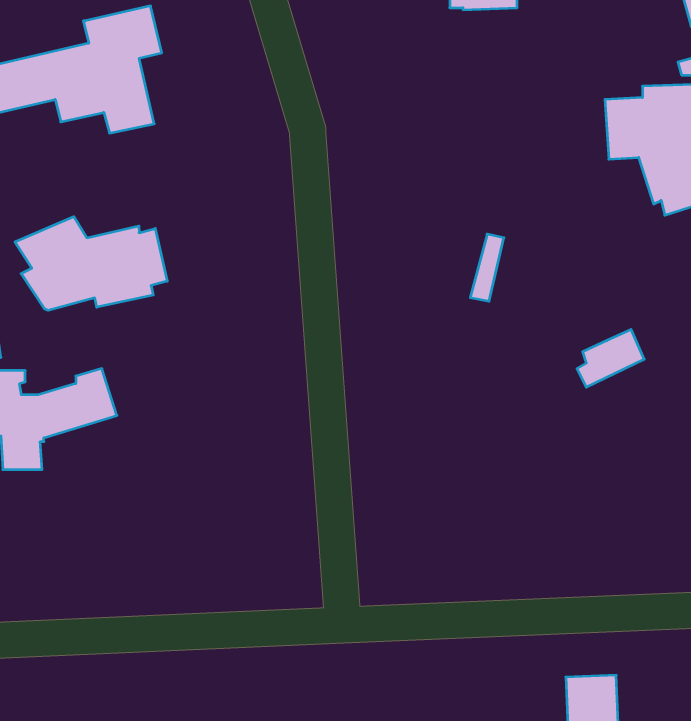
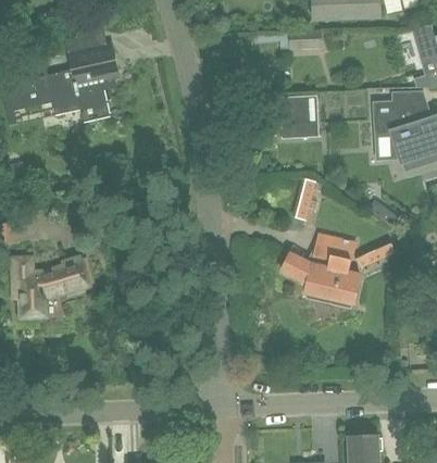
building: none -> [280,97,312,137]
building: [15,217,167,310] -> none
building: none -> [282,235,361,304]

